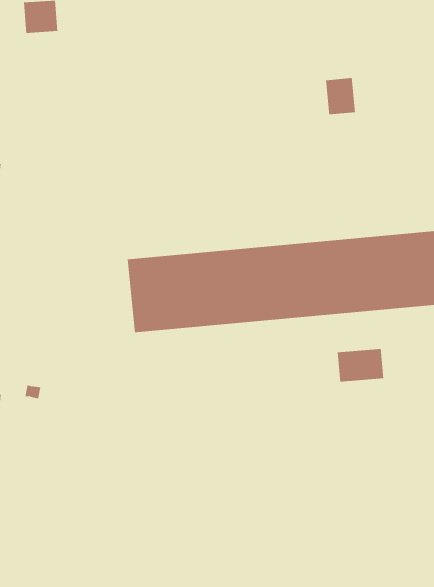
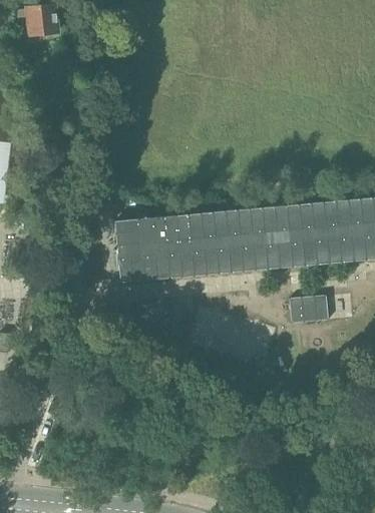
building: [326,77,356,115] -> none

